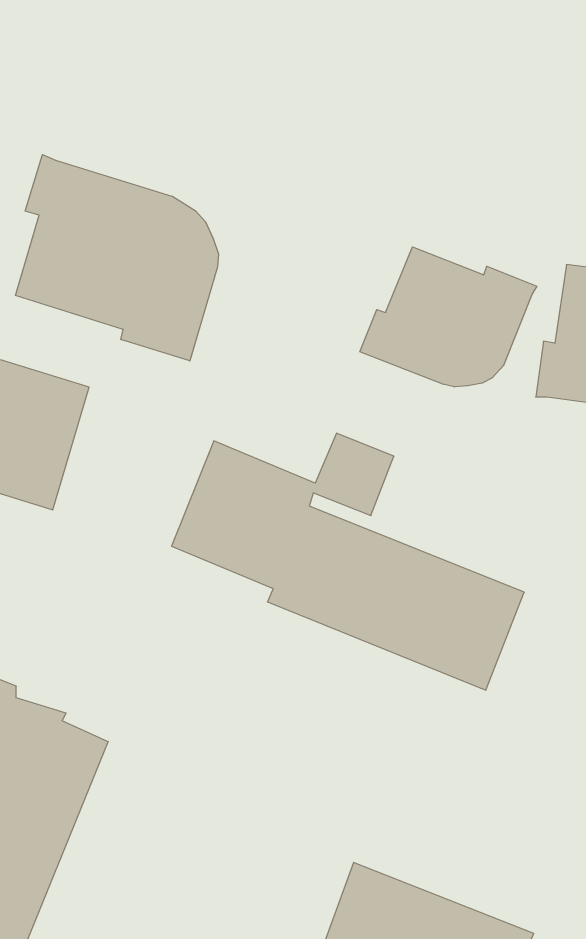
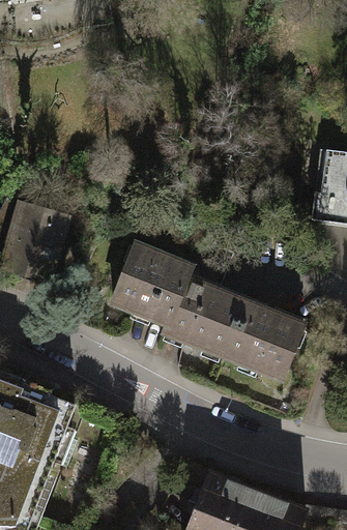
building: [15,155,219,361] -> none
building: [360,247,537,387] -> none

